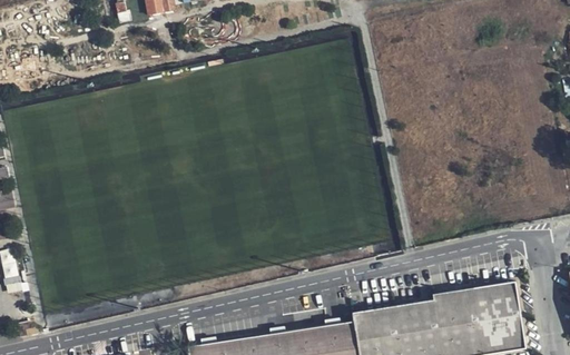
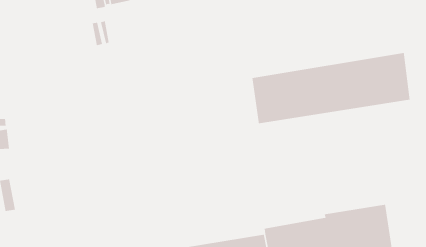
building: none -> [252,52,410,124]

